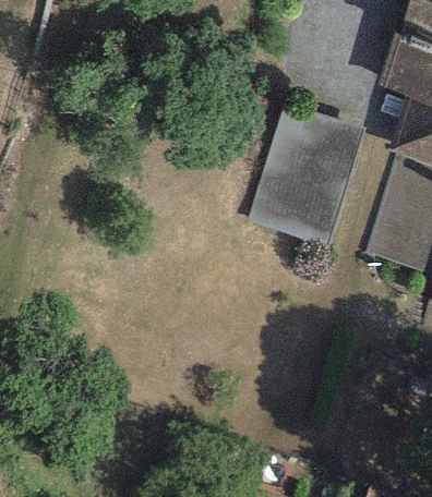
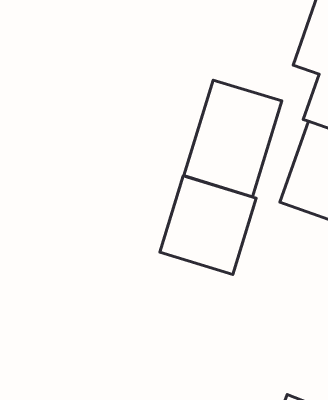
building: none -> [160,176,256,275]

